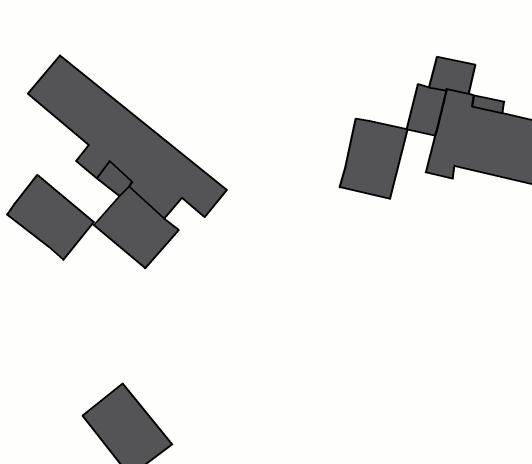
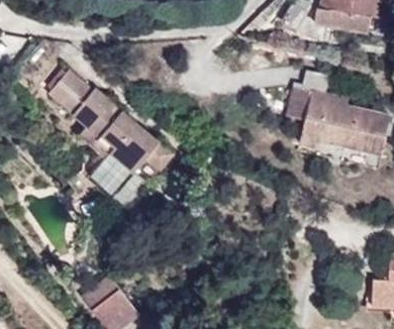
building: [340,119,407,199] -> none
building: [7,175,94,260] -> none

